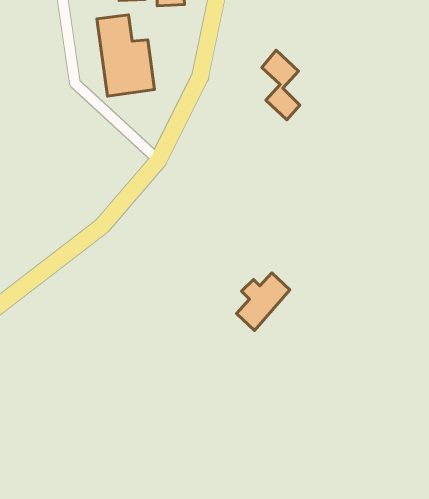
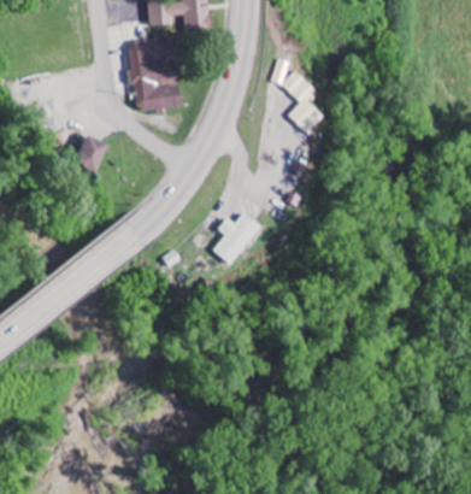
building: none -> [76,136,108,174]
building: [236,273,290,330] -> [211,213,260,266]

